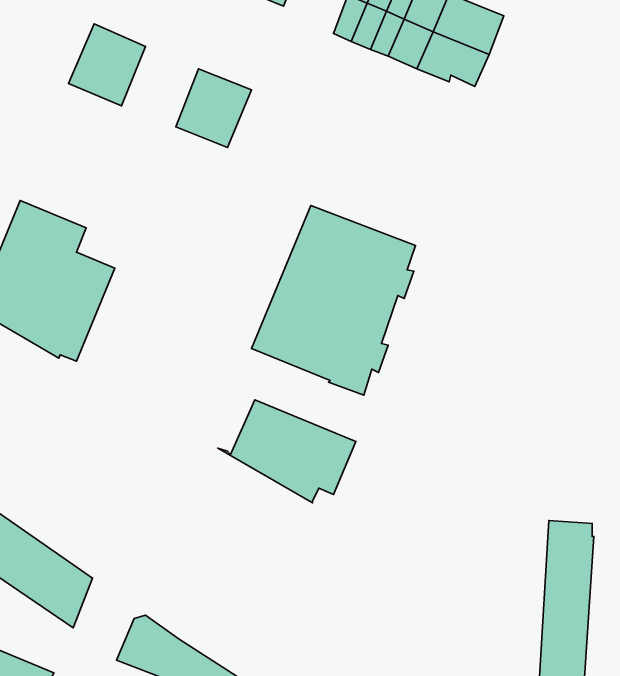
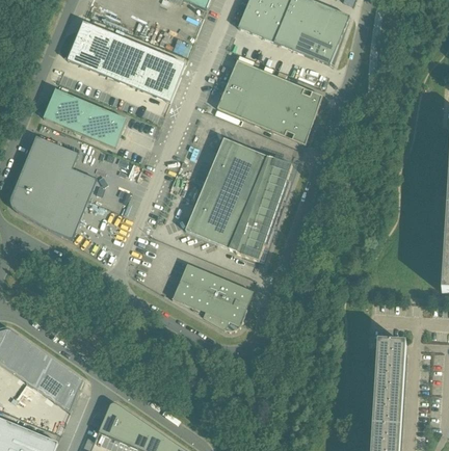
building: none -> [101,34,151,86]
building: none -> [216,59,322,143]
building: none -> [43,87,127,147]

